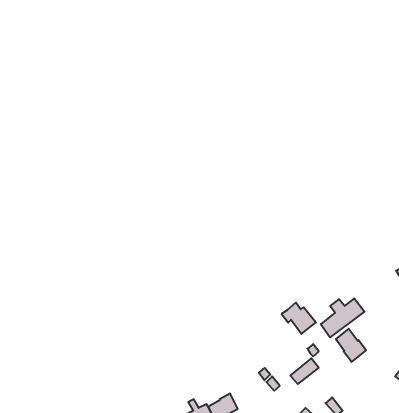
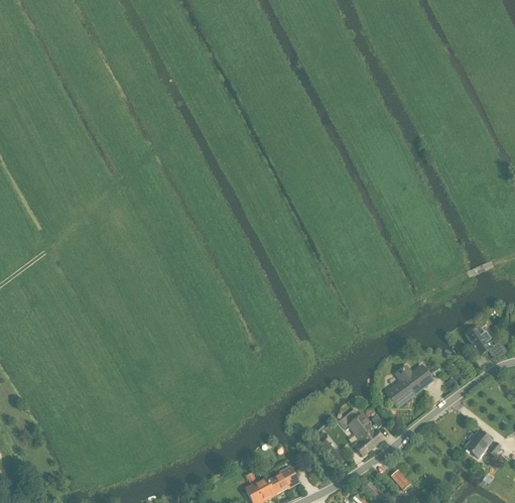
building: [282,303,316,334] -> [339,408,375,442]
building: [336,329,366,362] -> none

